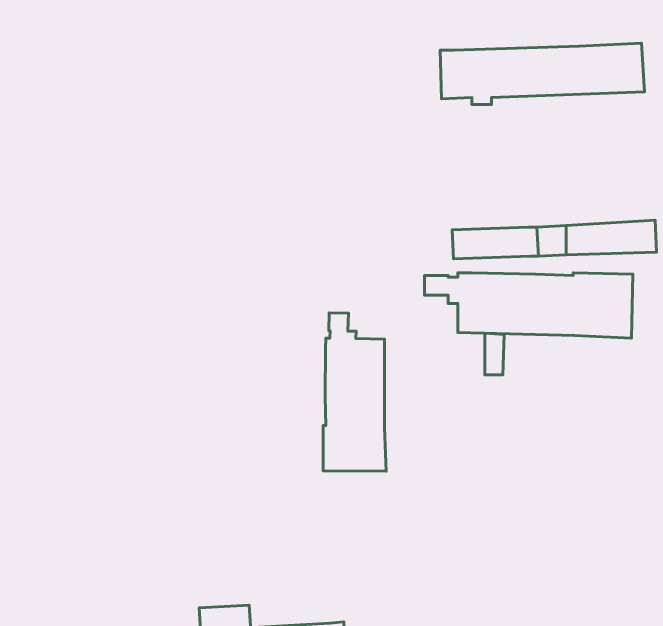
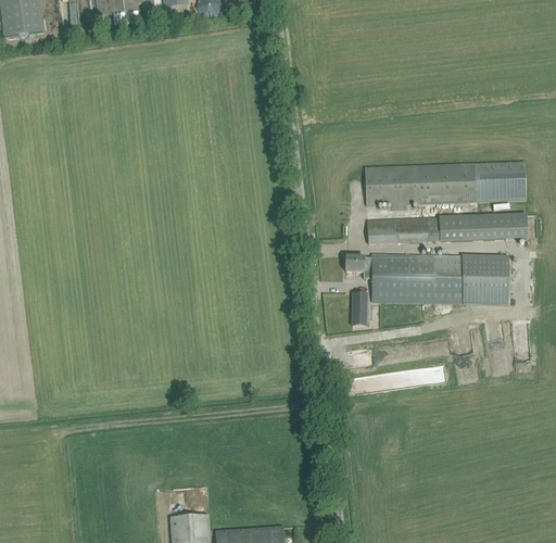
building: [440,43,644,104] -> [366,162,526,210]
building: [323,313,386,471] -> none
building: [485,333,504,375] -> [352,292,367,325]

